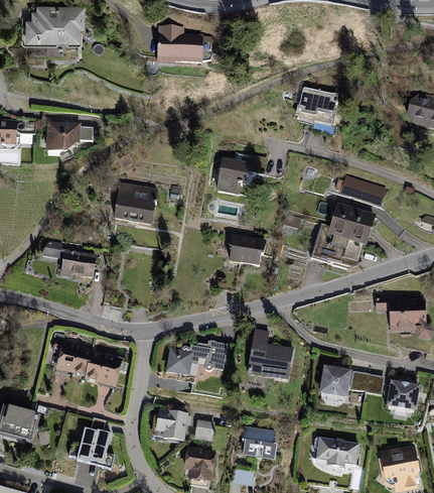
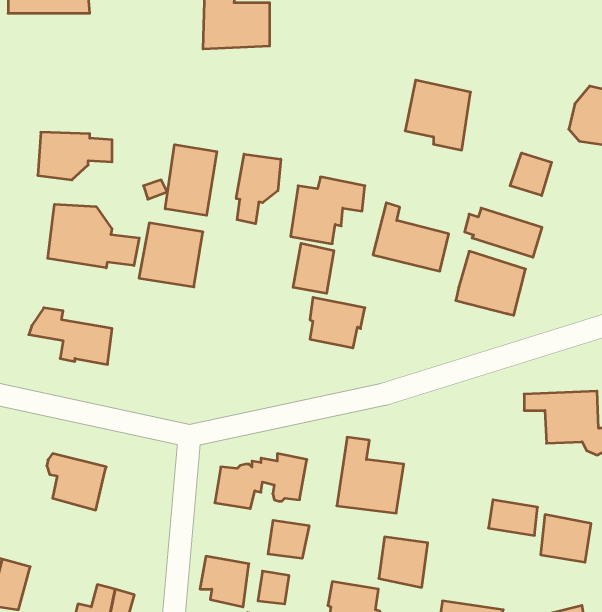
building: none -> [165,145,217,215]
building: none -> [510,153,552,196]
building: none -> [236,154,281,224]
building: none -> [48,204,139,268]
building: none -> [293,243,334,293]
building: [312,223,364,269] -> [373,203,449,271]
building: [84,351,122,387] -> none
building: [318,366,351,400] -> [379,537,428,587]
building: none -> [268,520,309,558]

